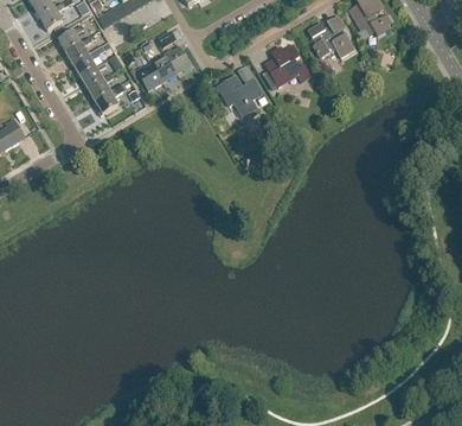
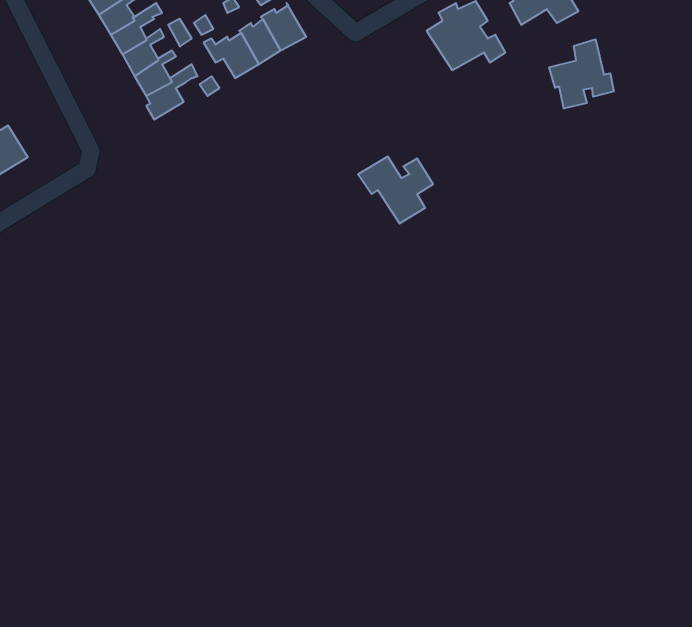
building: none -> [549,39,614,109]
building: [217,75,262,115] -> [358,157,433,224]

